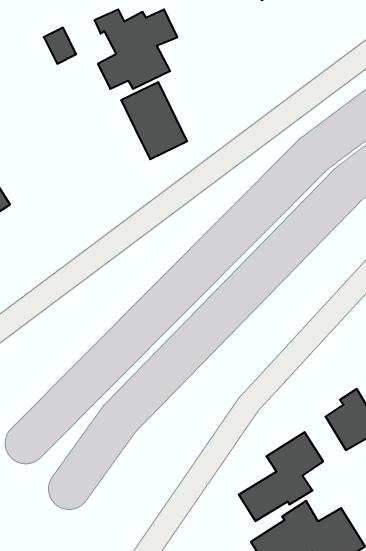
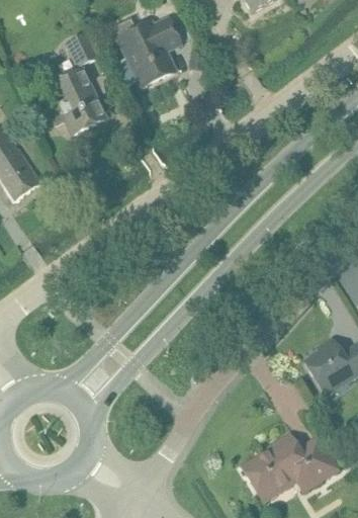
building: [121,82,187,159] -> [50,69,105,134]
building: [239,432,323,521] -> none

